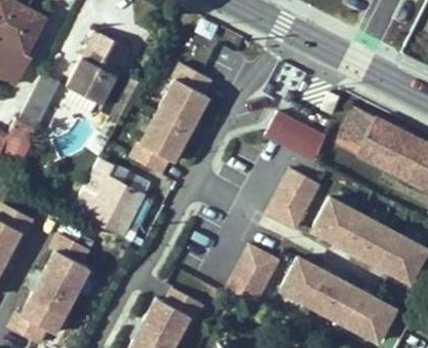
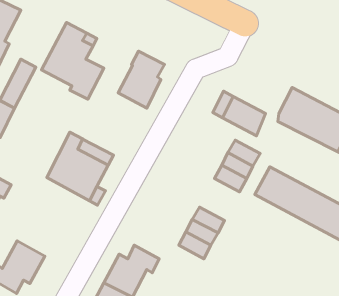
building: [128,113,188,175] -> none
building: [39,233,88,301] -> none
building: [280,258,394,341] -> none

